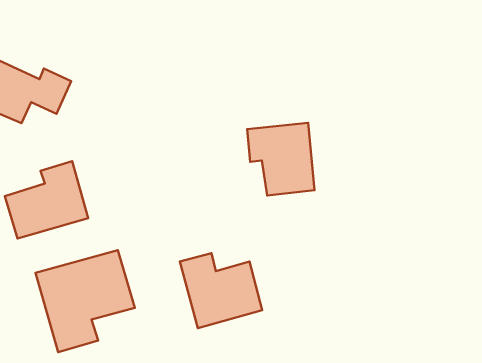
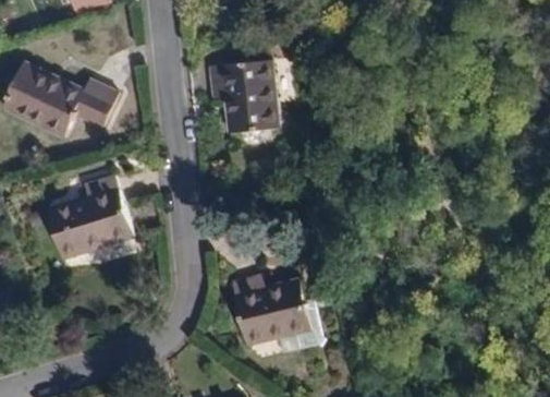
building: [247,123,315,195] -> [209,57,279,132]
building: [36,250,135,352] -> none

